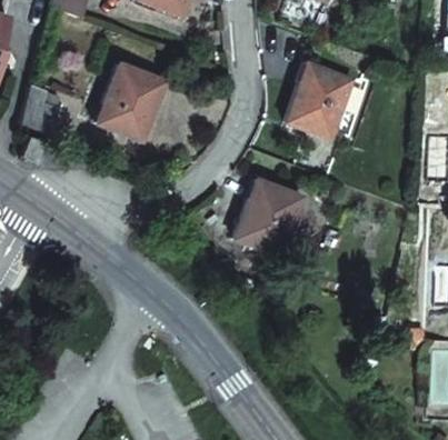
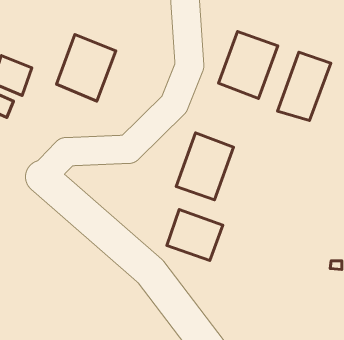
building: none -> [277,52,331,121]
building: none -> [167,210,223,261]

